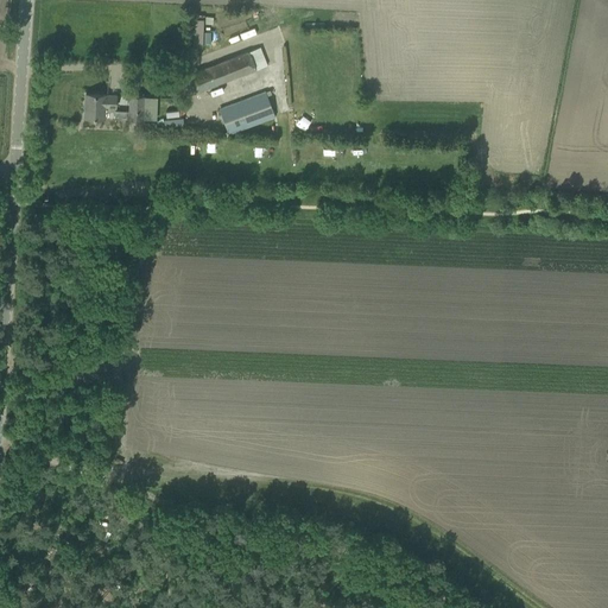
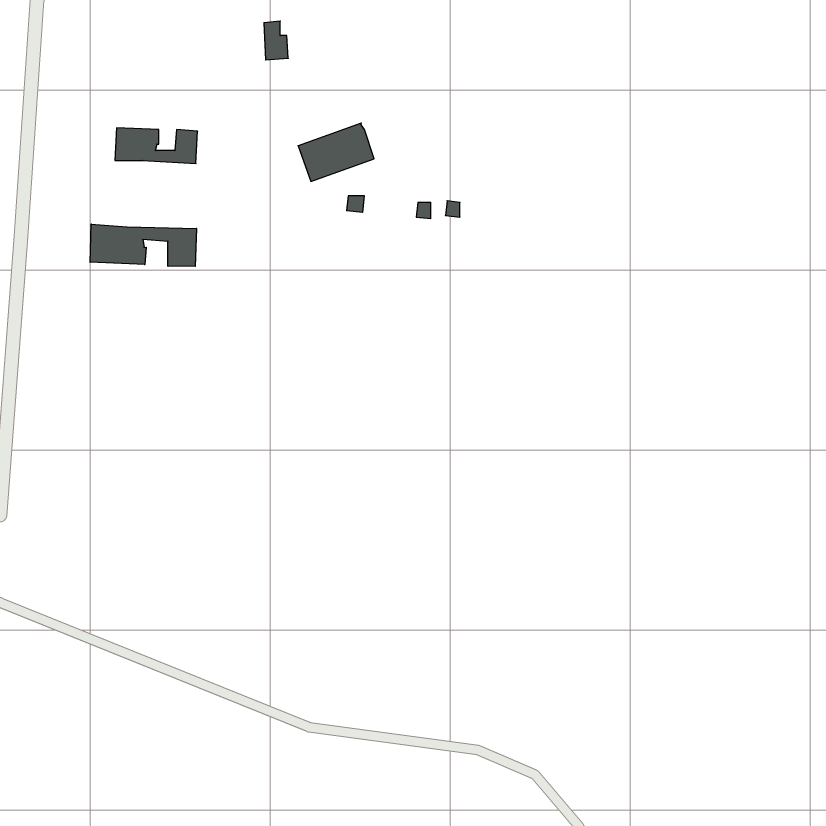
building: [190,48,268,94] -> none
building: none -> [90,224,196,266]

